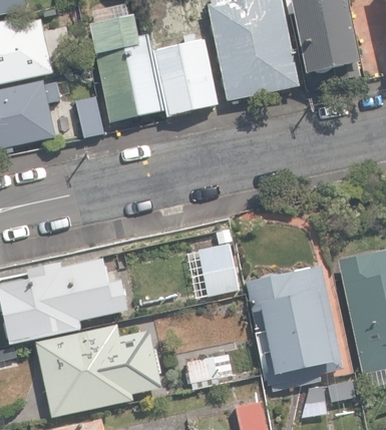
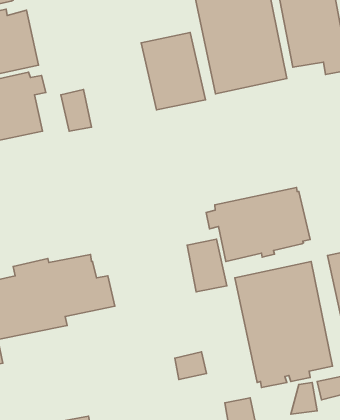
building: [89,14,163,122] -> none
building: none -> [206,187,310,262]
building: [36,323,162,416] -> none

